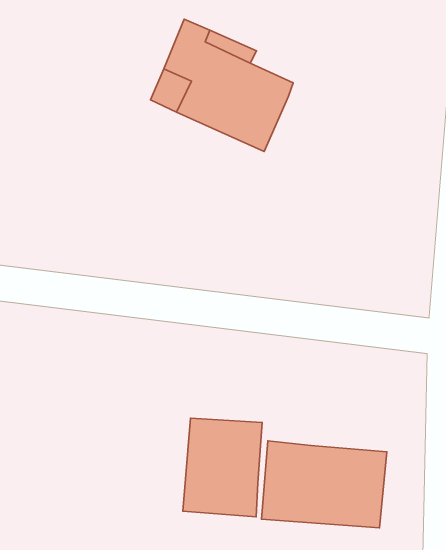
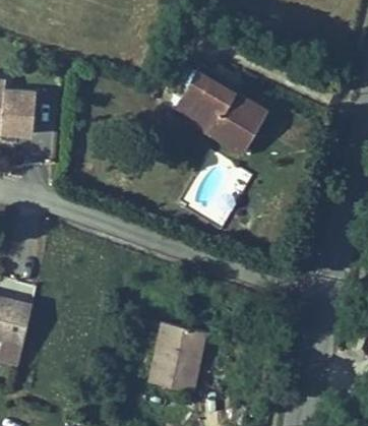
building: [262,441,387,528] -> none

